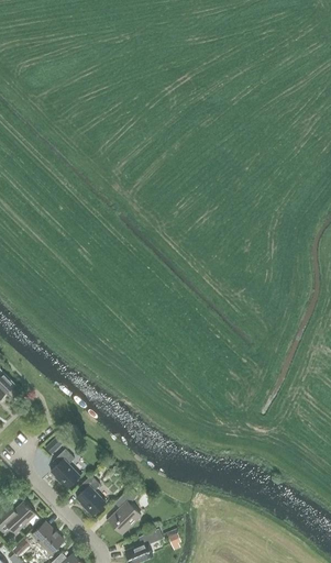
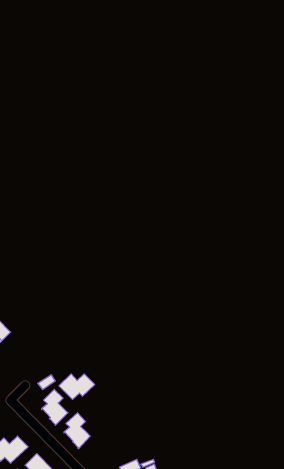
building: none -> [59,374,95,399]
building: [108,489,141,533] -> none

